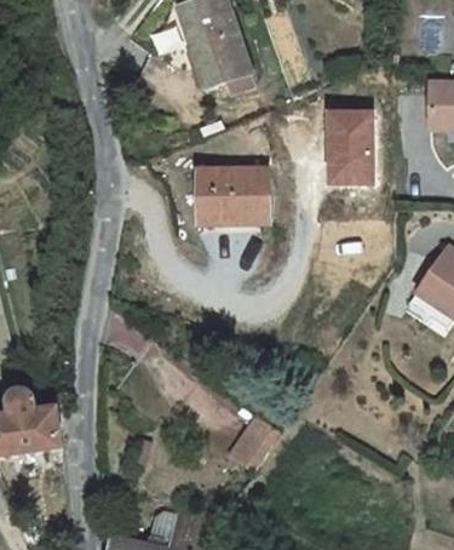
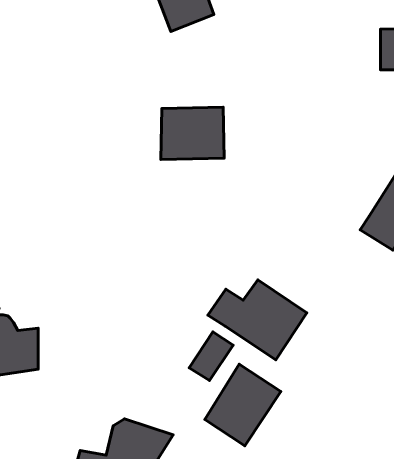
building: [326,118,373,190] -> none
building: none -> [208,280,307,360]
building: none -> [205,364,281,446]

